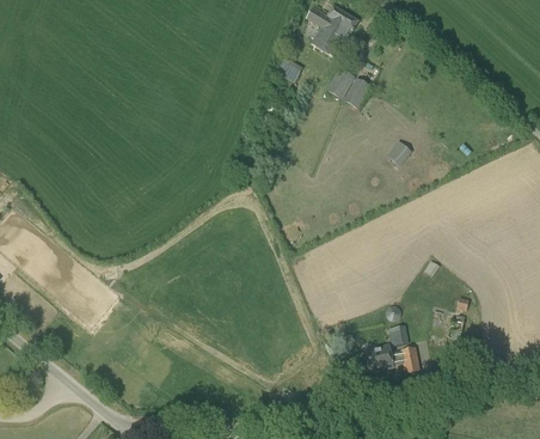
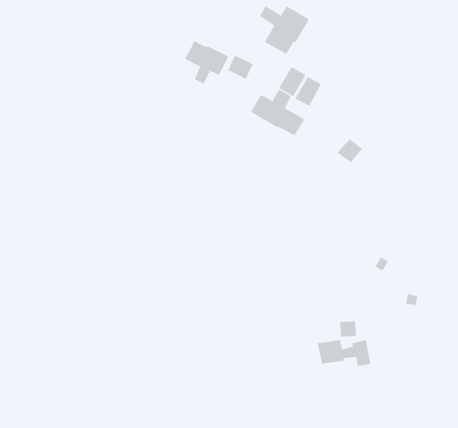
building: none -> [185,41,229,85]
building: none -> [250,88,305,136]

